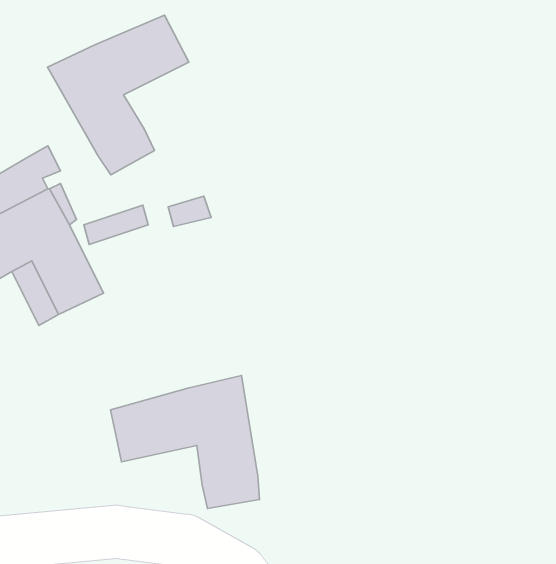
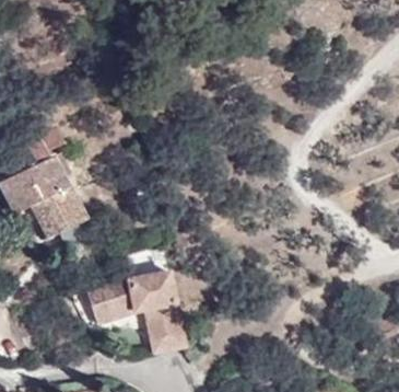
building: [48,15,189,175] -> none

